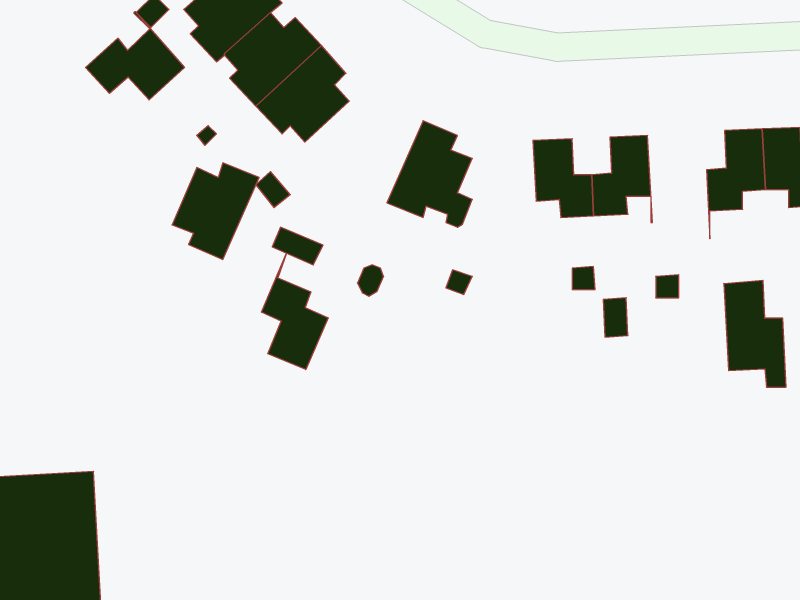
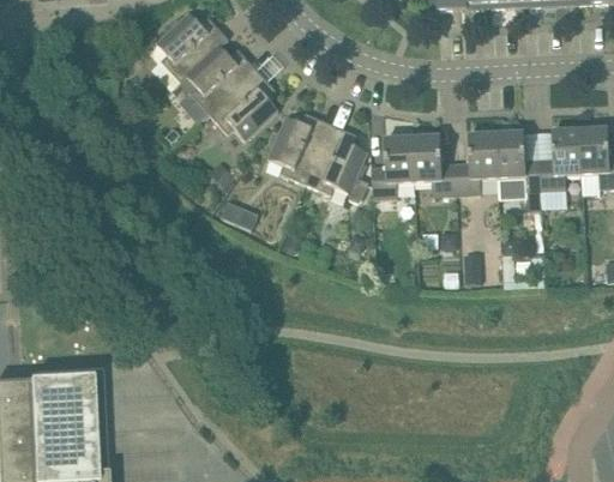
building: [86,12,184,100] -> none
building: none -> [369,137,413,197]
building: [172,163,259,259] -> [266,112,330,182]
building: [262,253,328,370] -> none
building: [724,280,786,387] -> [494,131,540,209]

